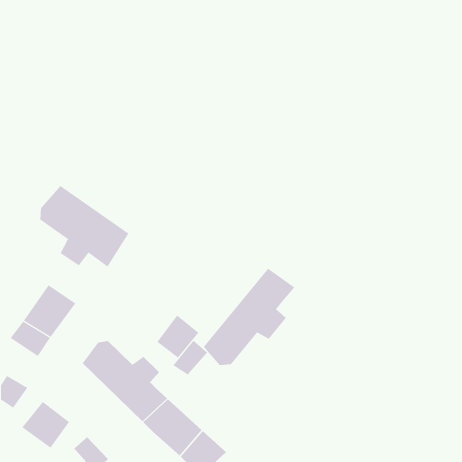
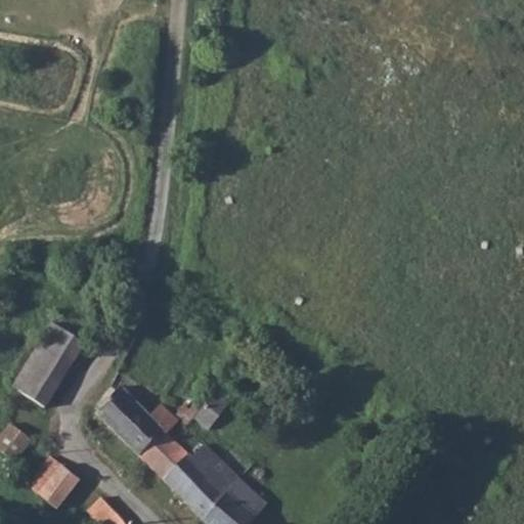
building: [40,185,129,267] -> none
building: [203,268,295,366] -> none
building: [157,315,199,358] -> none

